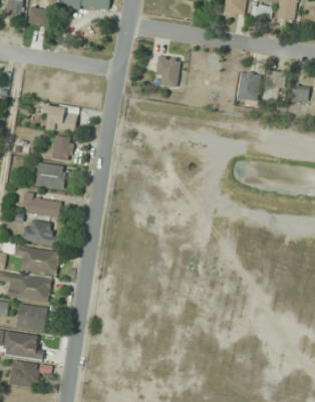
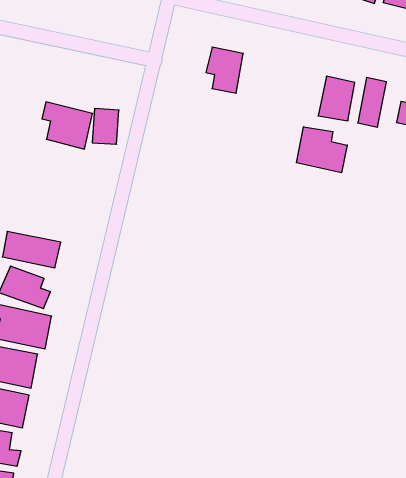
building: none -> [297,127,347,173]
building: [52,136,69,160] -> [92,108,119,144]
building: [35,162,65,188] -> none

